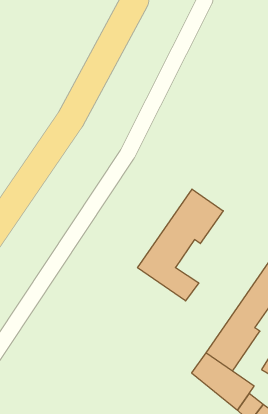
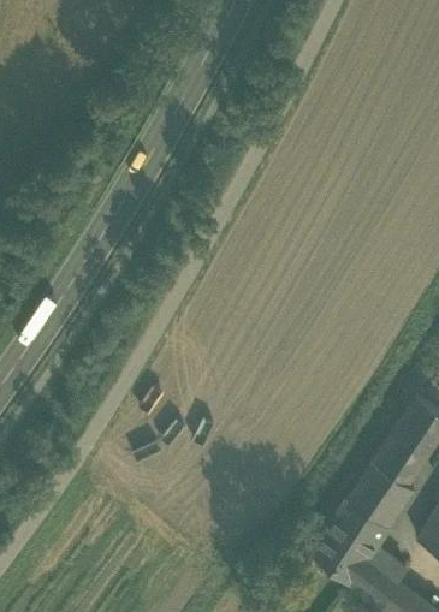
building: [138,189,223,301] -> none

